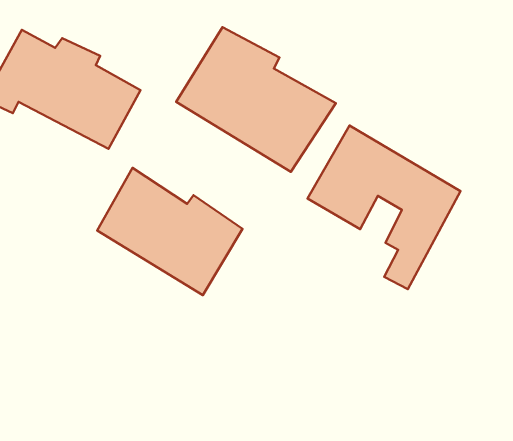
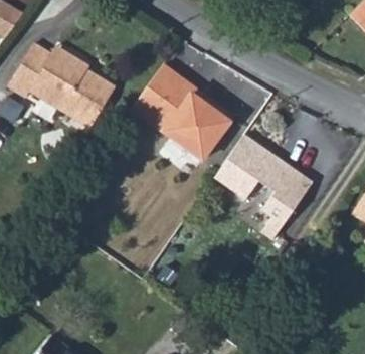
building: [97,168,243,295] -> none

